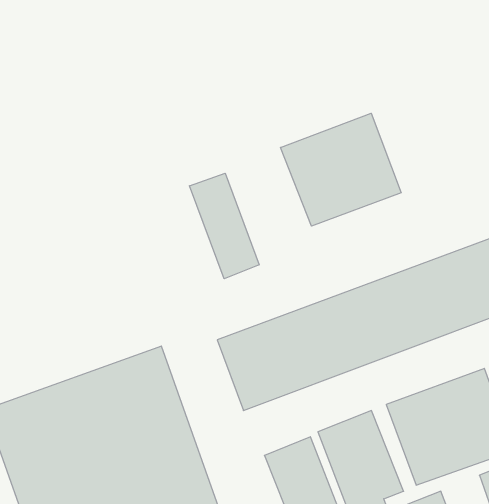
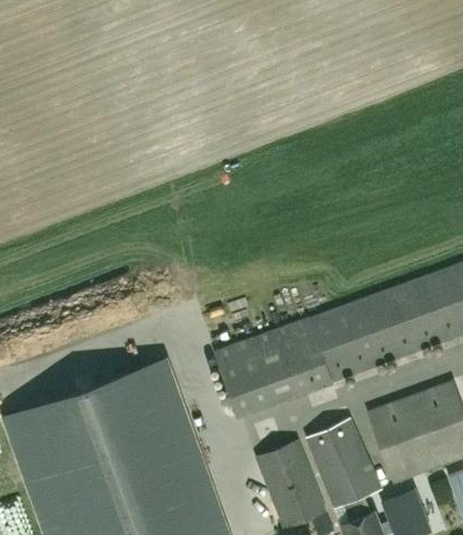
building: [281,113,401,226] -> none
building: [189,173,259,279] -> none

